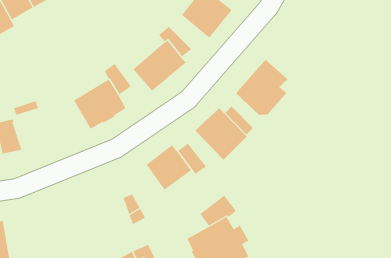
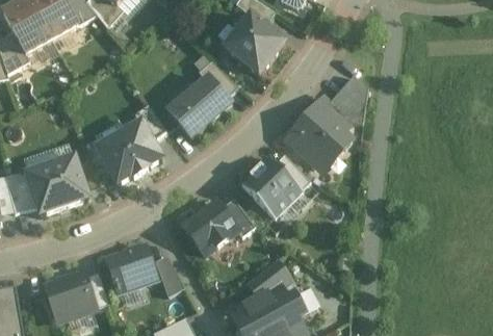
building: none -> [328,76,367,125]
building: none -> [26,157,86,213]
building: none -> [105,244,155,290]
building: none -> [43,270,96,321]

